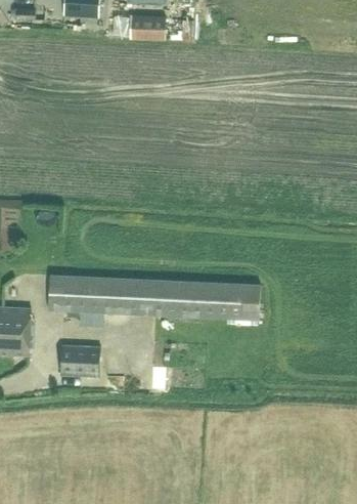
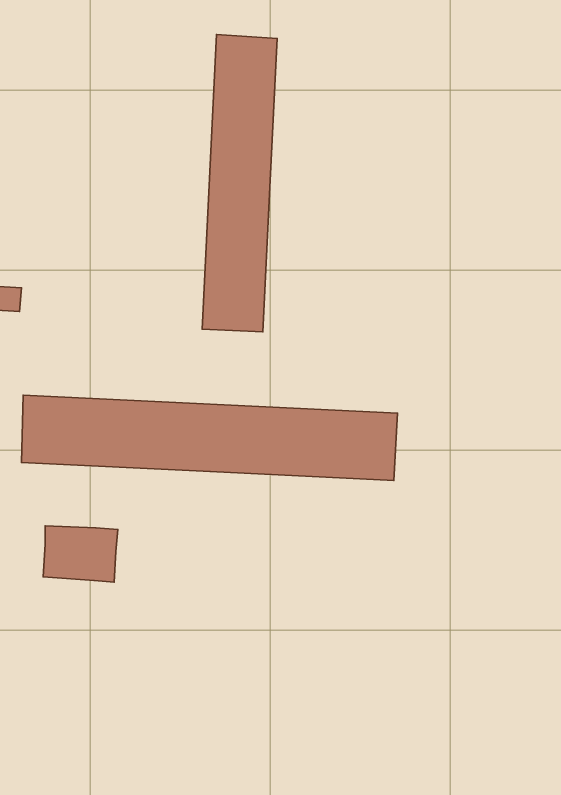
building: none -> [202,34,277,332]

